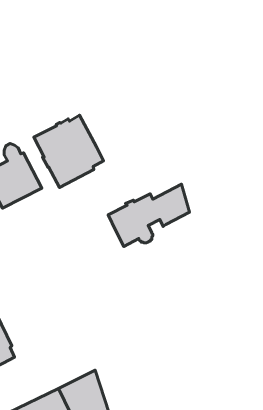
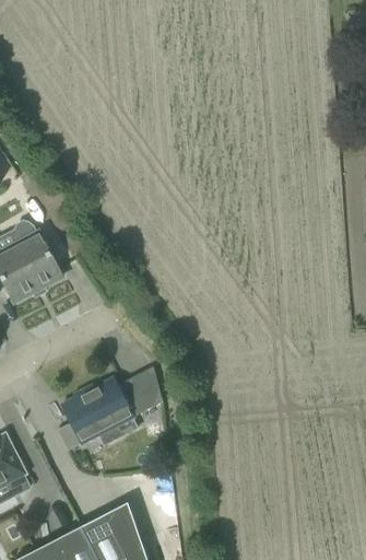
building: [34,115,103,188] -> none
building: [108,184,189,247] -> [60,365,162,443]

